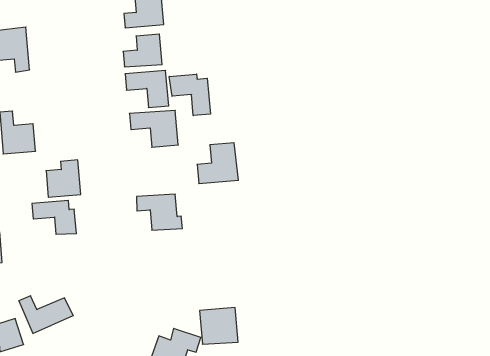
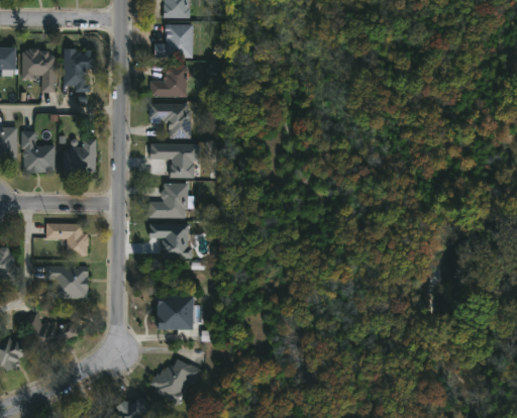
building: none -> [64,49,96,85]
building: [169,74,210,116] -> none
building: [197,143,238,184] -> [148,184,188,221]
building: [46,160,81,197] -> [64,138,96,173]
building: none -> [47,268,88,298]
building: [200,308,238,344] -> [159,297,194,331]

